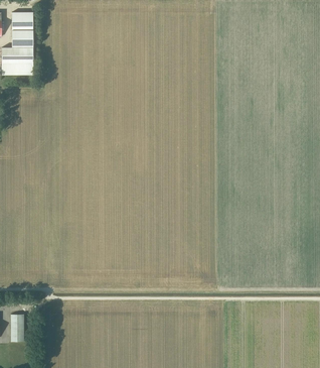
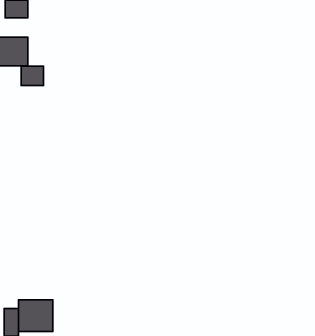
building: [11,28,33,47] -> [21,66,44,85]
building: none -> [19,300,53,331]

